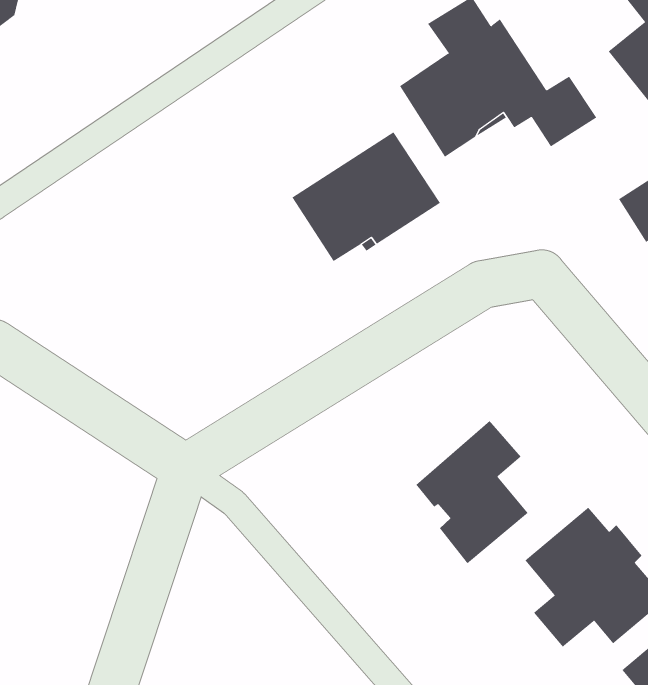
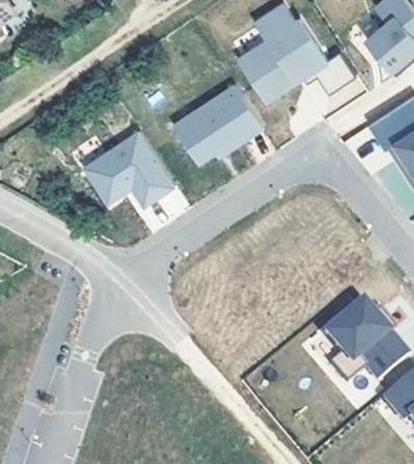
building: none -> [86,131,176,208]
building: [415,420,529,564] -> none

